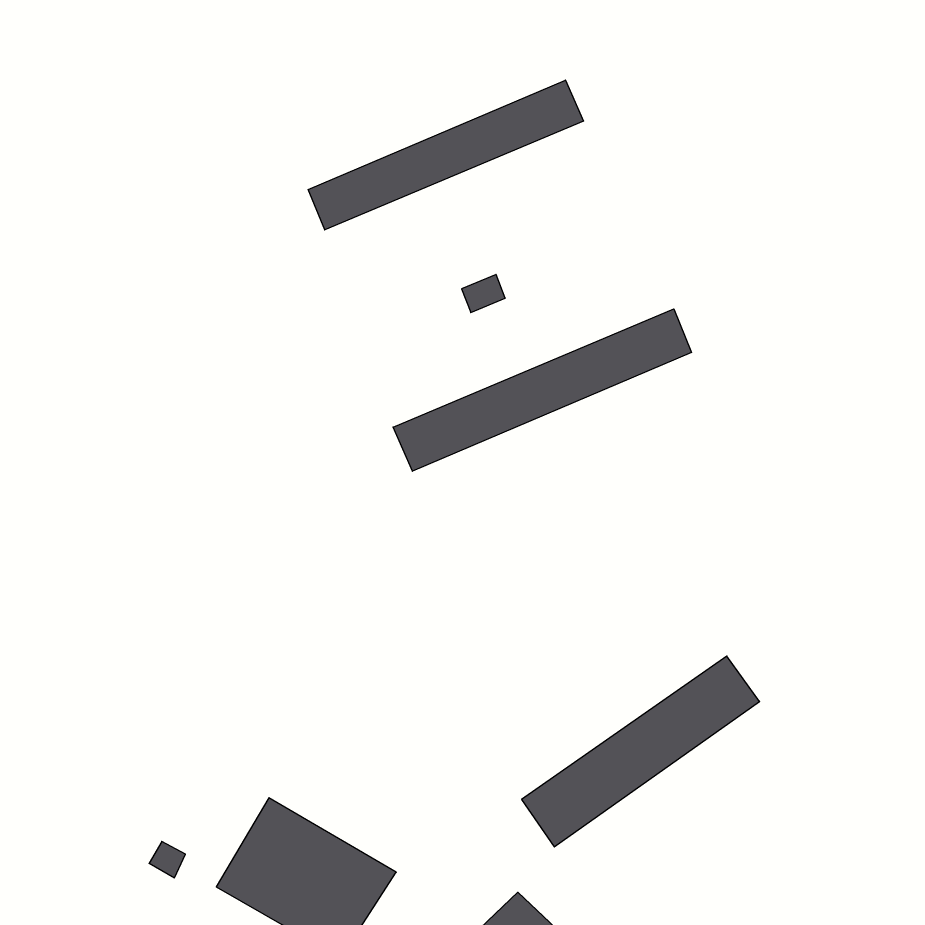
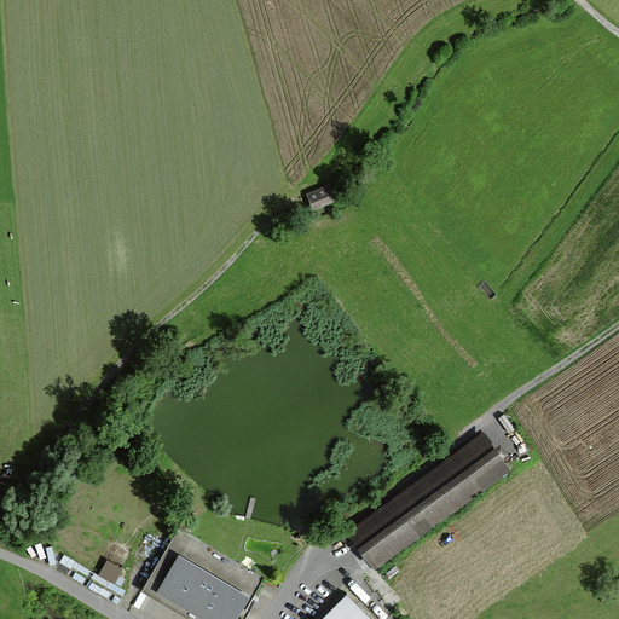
building: [308,80,583,230] -> none
building: [393,309,691,471] -> none

